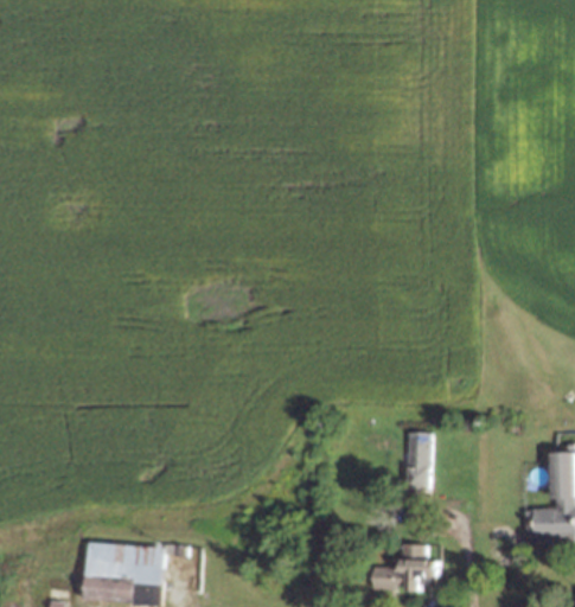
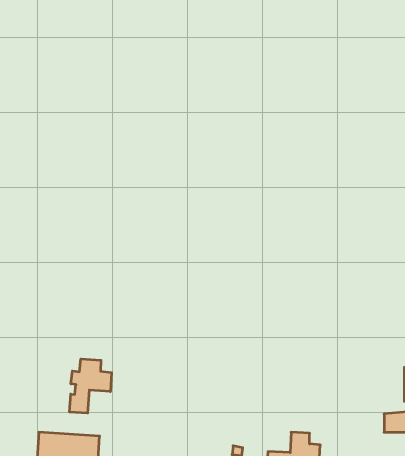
building: [404,434,429,491] -> none
building: none -> [70,359,112,413]

